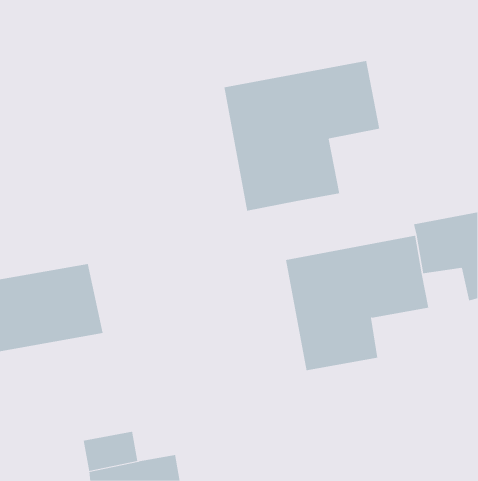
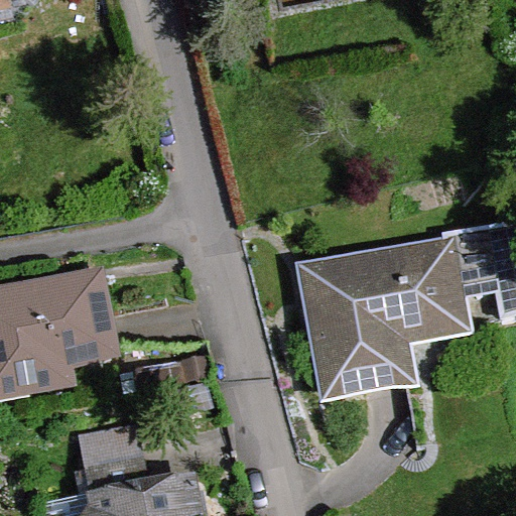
building: [224,60,380,212] -> none

